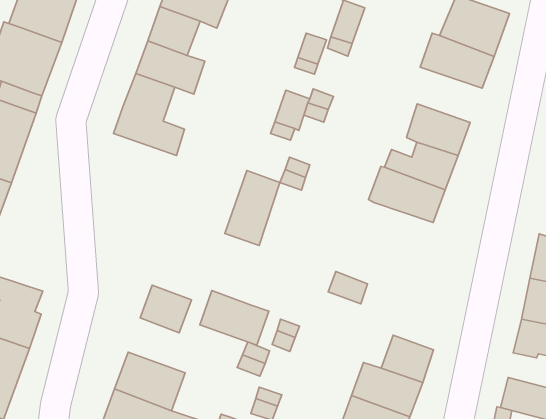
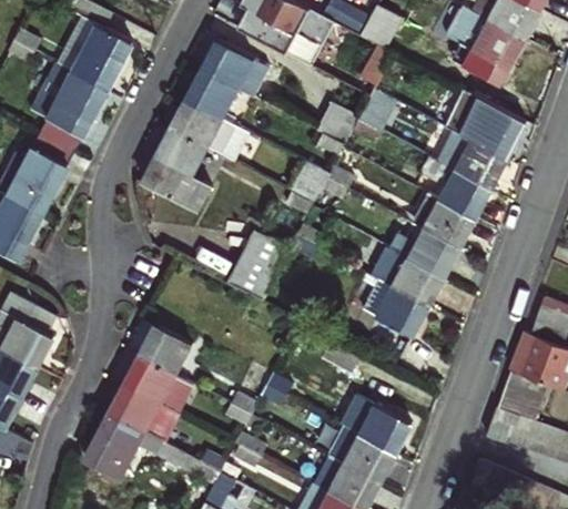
building: none -> [420,157,490,218]
building: none -> [361,279,427,336]
building: [200,291,269,345] -> [128,355,193,411]

